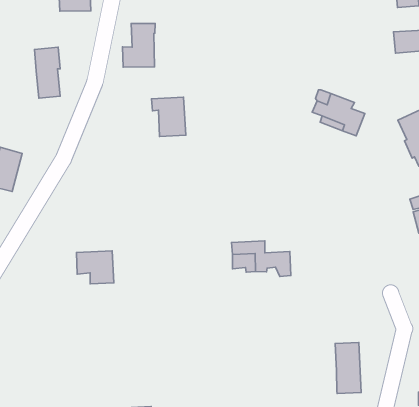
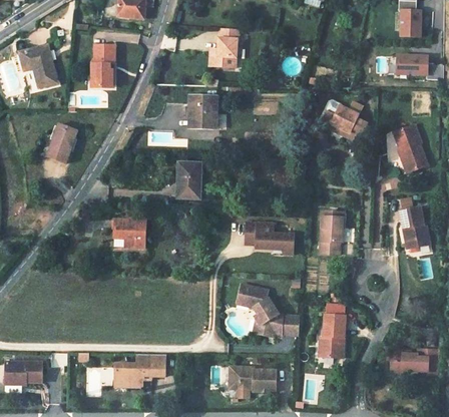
building: [123,23,155,67] -> [209,27,240,65]
building: none -> [177,161,201,197]
building: none -> [320,211,344,255]
building: none -> [238,284,299,335]

